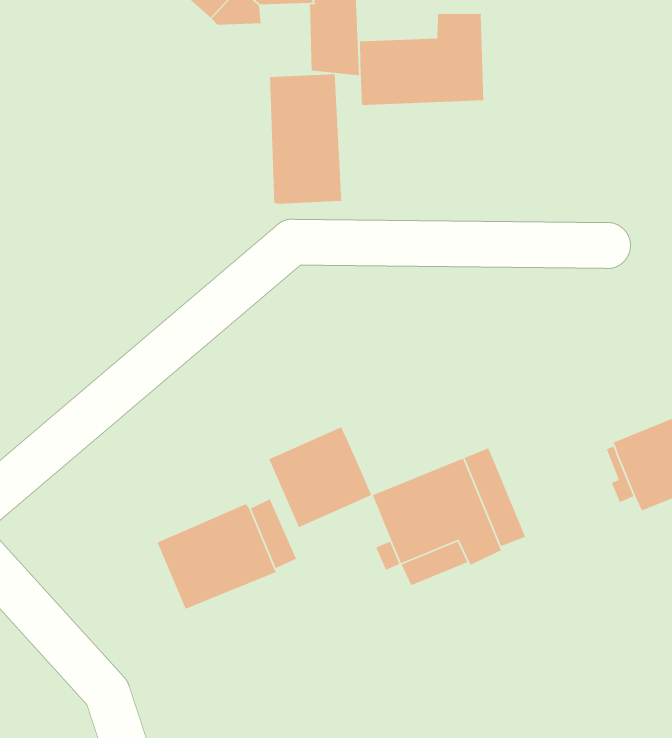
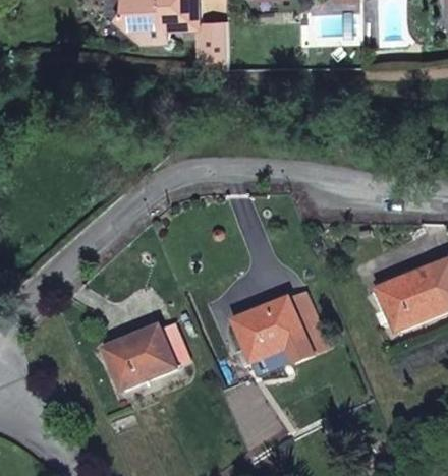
building: [359,13,484,106] -> none
building: [269,74,342,205] -> none
building: [268,426,372,528] -> none

